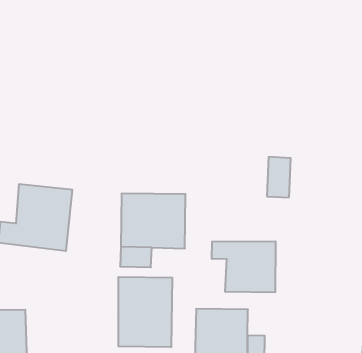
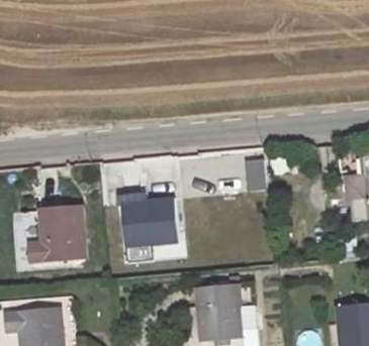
building: [212,241,276,292] -> none
building: [118,277,172,347] -> none

